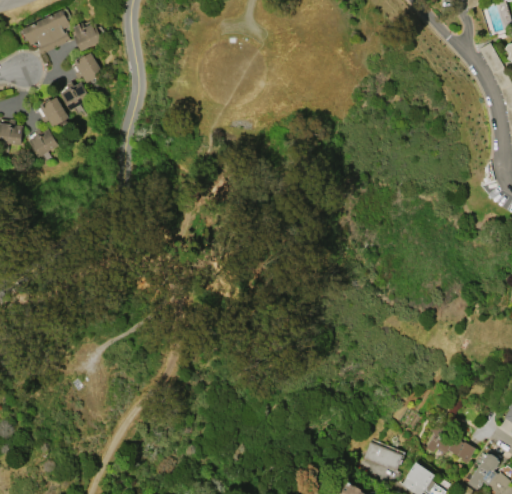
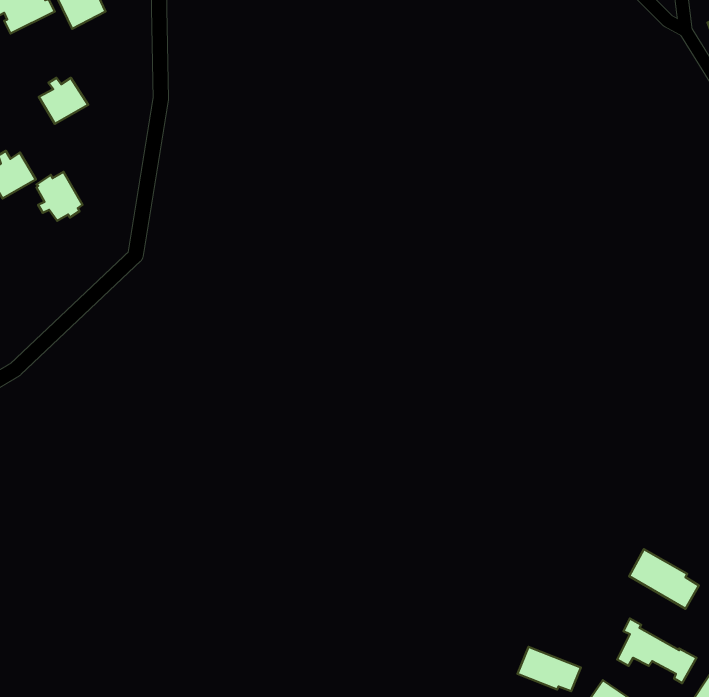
building: [75,52,104,83] -> none
building: [41,97,70,128] -> [37,172,83,221]
building: none -> [629,549,699,609]

